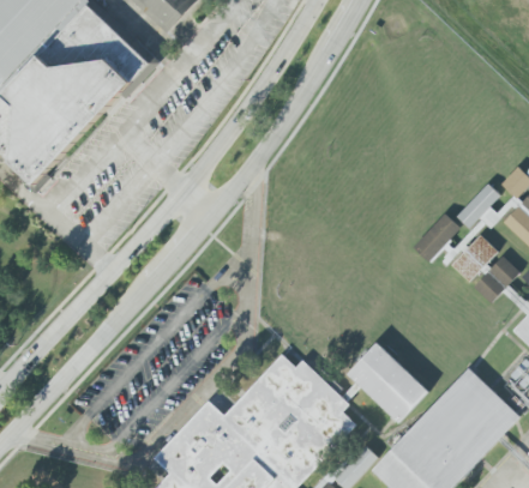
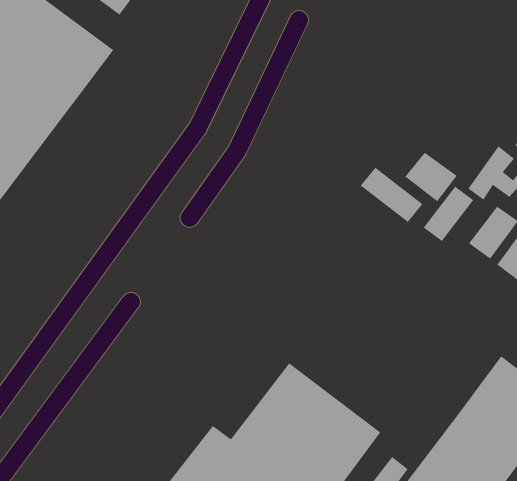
building: none -> [405,152,457,202]
building: none -> [360,167,423,223]
building: [349,342,429,421] -> none

